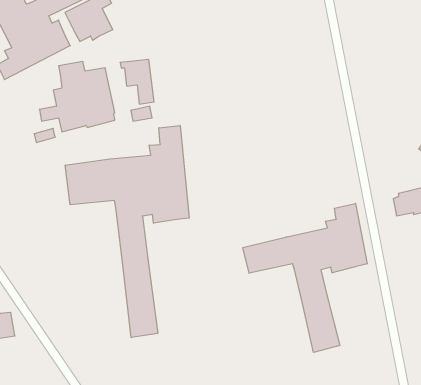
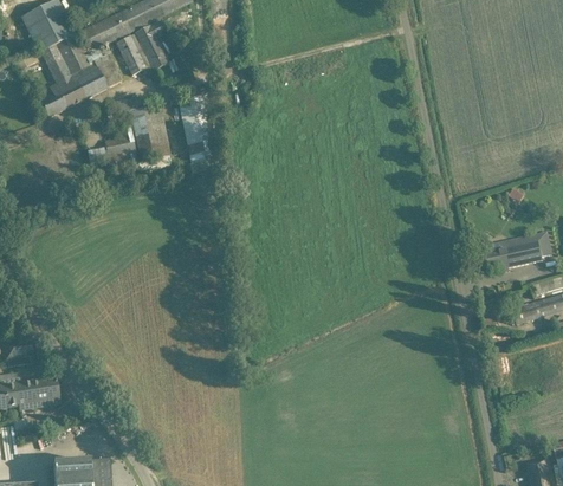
building: [65,125,189,338] -> none
building: [243,203,367,352] -> none

